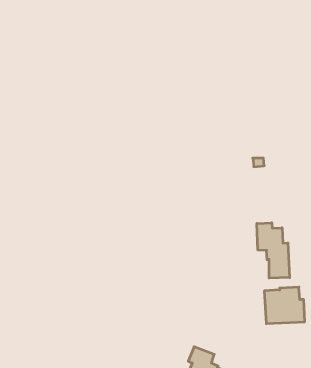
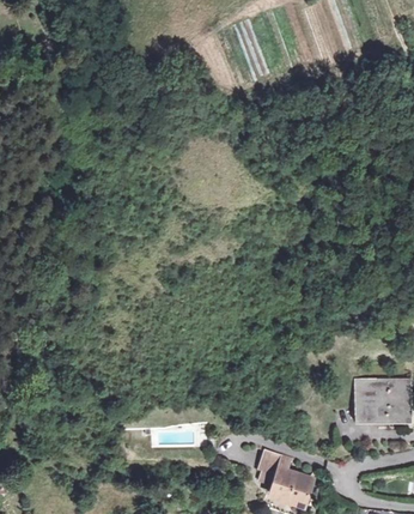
building: [257,223,290,278] -> none

